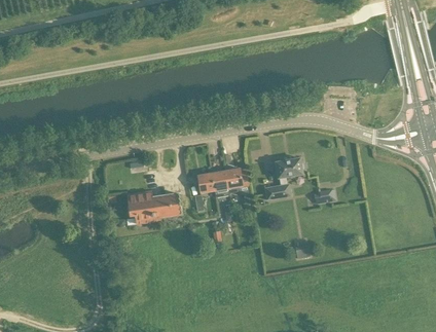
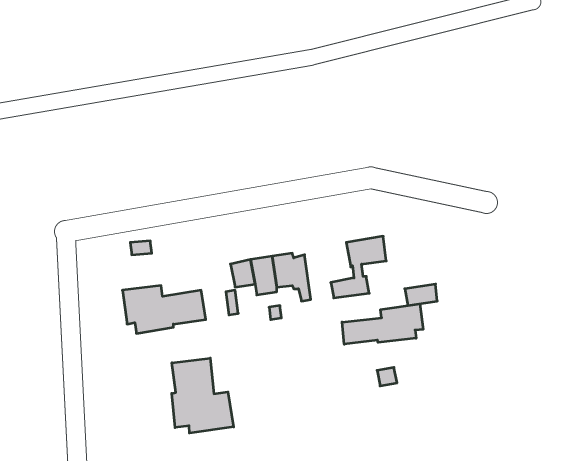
building: none -> [342,304,423,344]
building: none -> [172,358,234,433]

